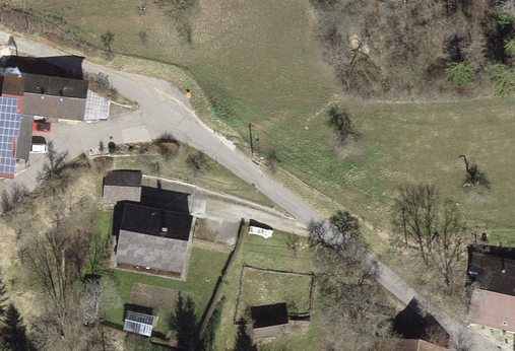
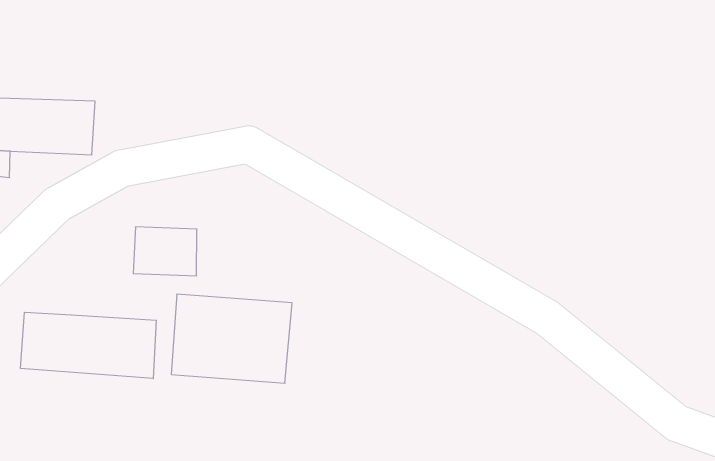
building: none -> [20,312,156,379]

